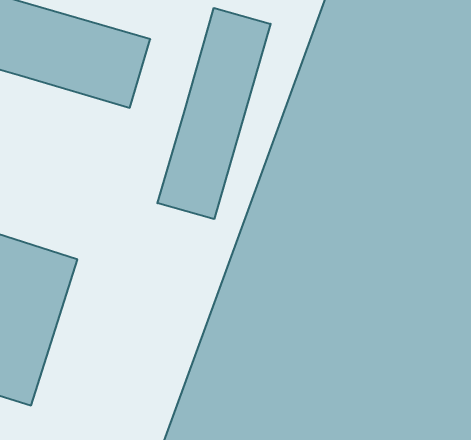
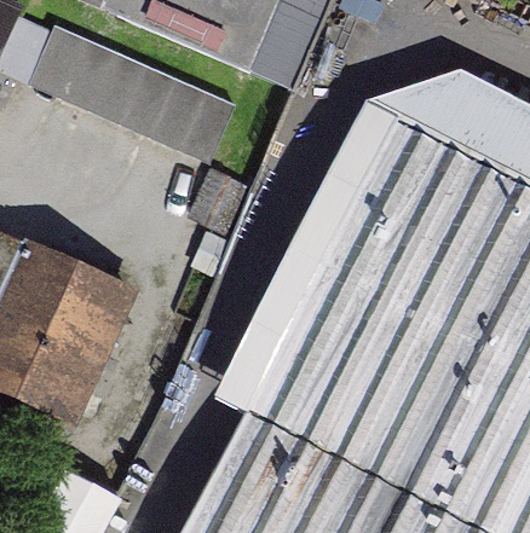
building: [157,8,271,219] -> none

